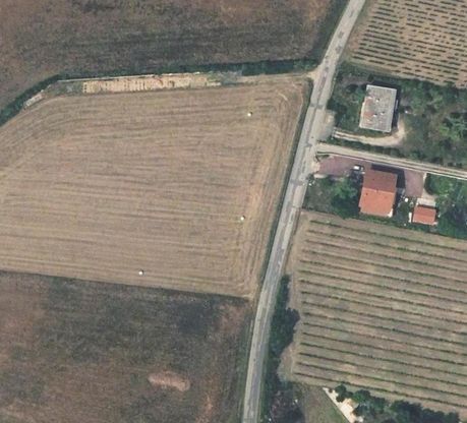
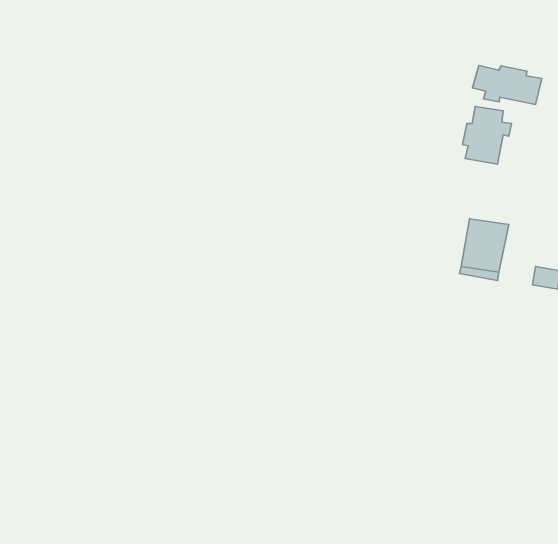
building: none -> [473,65,542,104]

